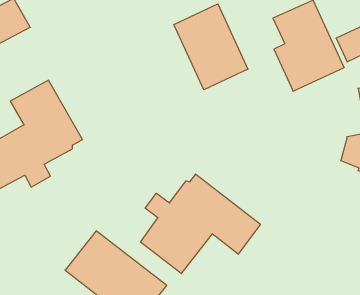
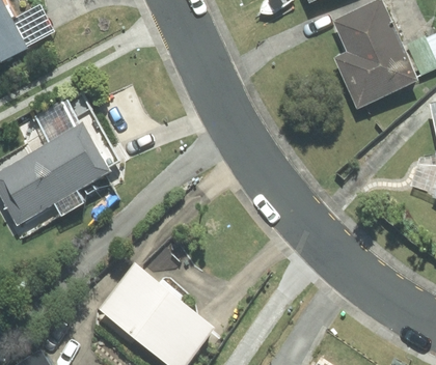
building: [174,4,248,90] -> none
building: [140,174,260,274] -> none

